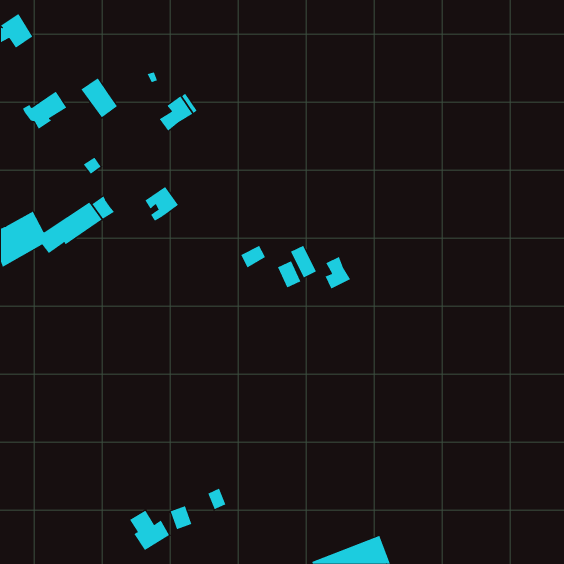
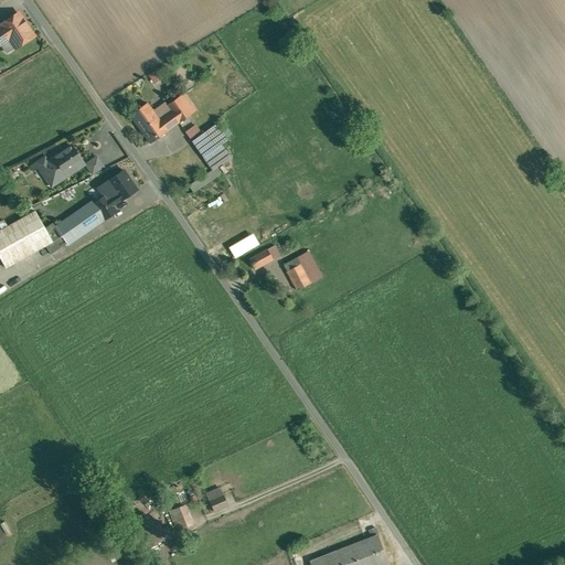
building: [80,77,118,118] -> [130,103,168,143]
building: [22,91,67,129] -> [35,146,81,184]
building: none -> [185,126,217,158]
building: [145,186,179,222] -> [100,171,135,206]
building: [325,256,351,289] -> none

